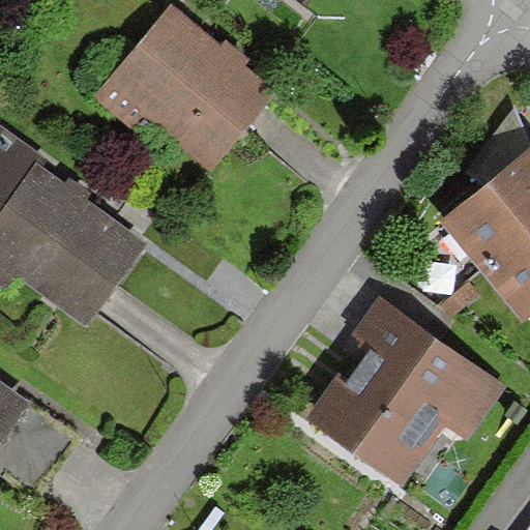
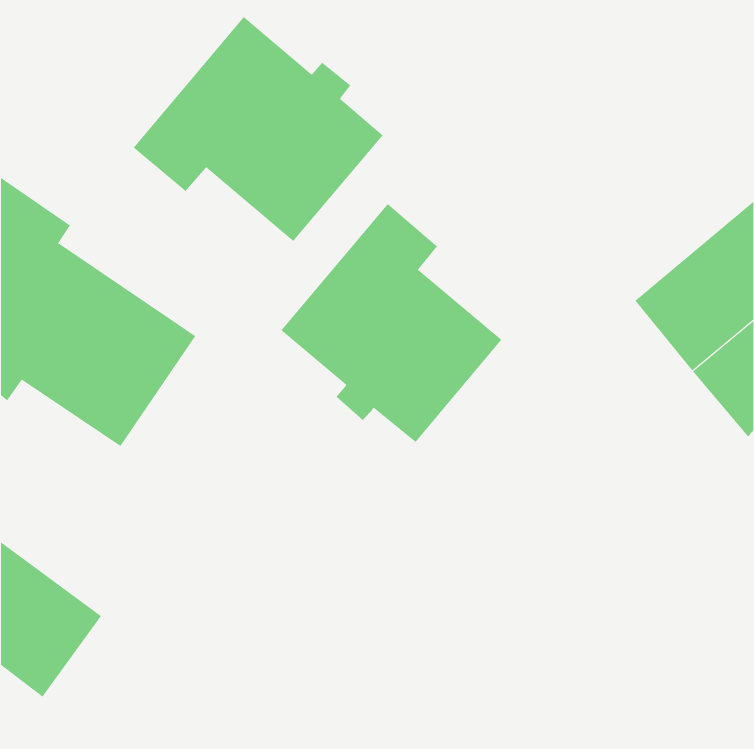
building: none -> [280,203,502,443]
building: [315,301,501,483] -> none

